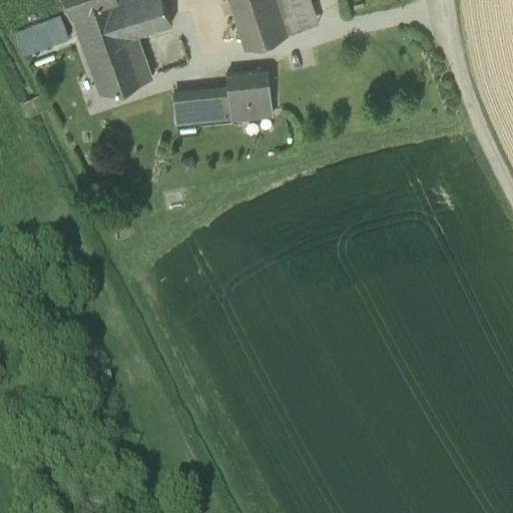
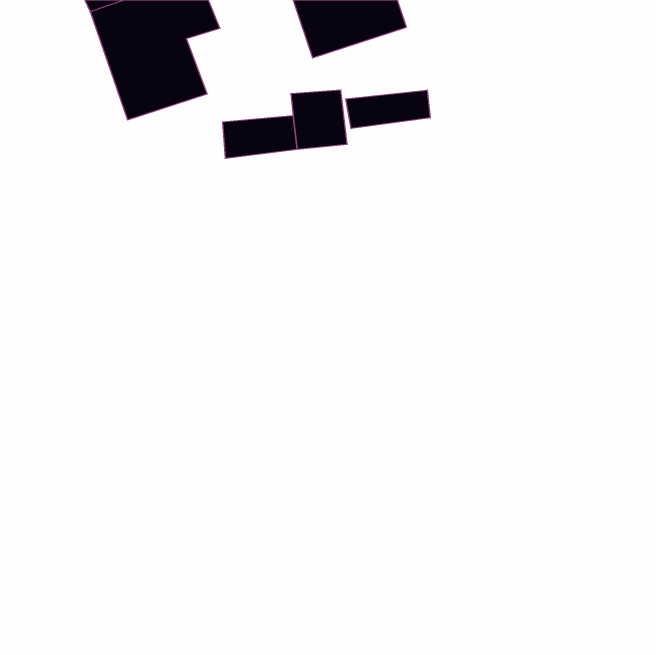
building: [16,23,67,57] -> none
building: none -> [346,90,430,129]

